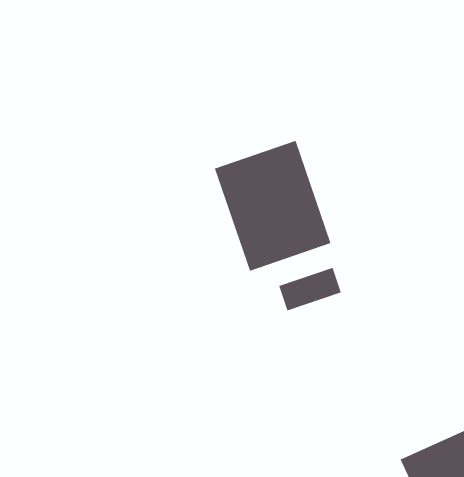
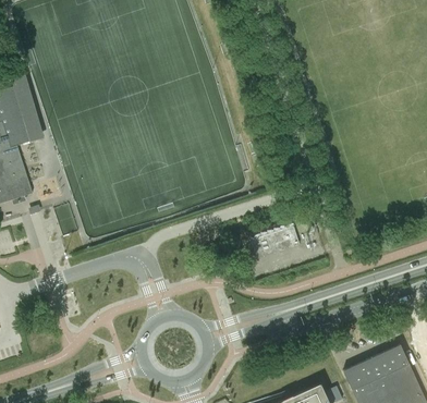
building: [214,140,332,272] -> none

